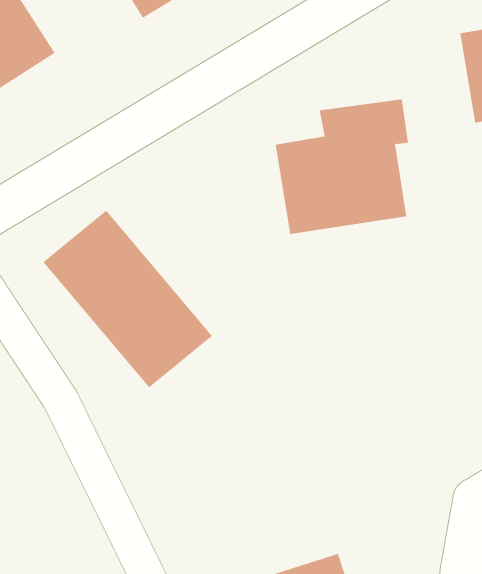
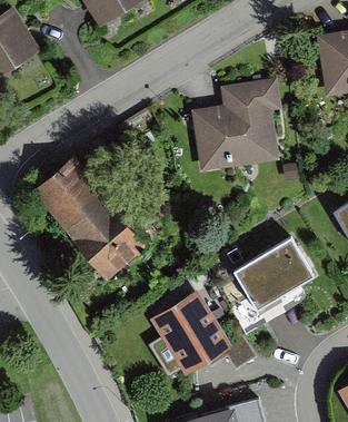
building: none -> [235,233,312,304]
building: none -> [155,284,230,364]

